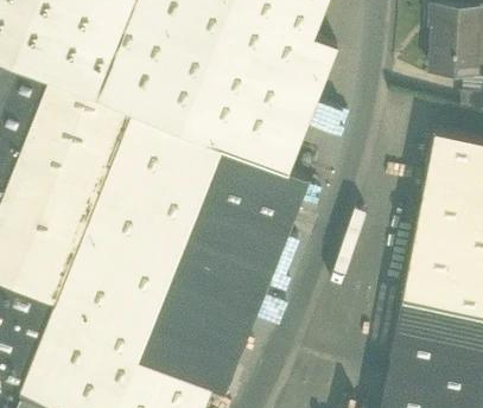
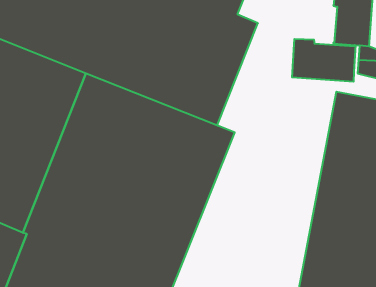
building: none -> [292,39,356,82]

